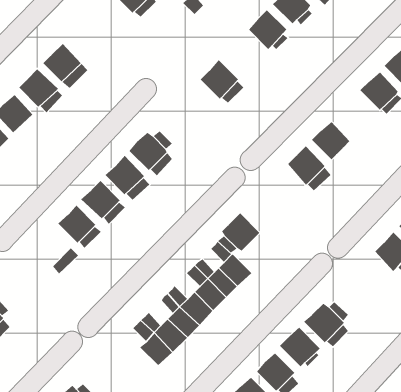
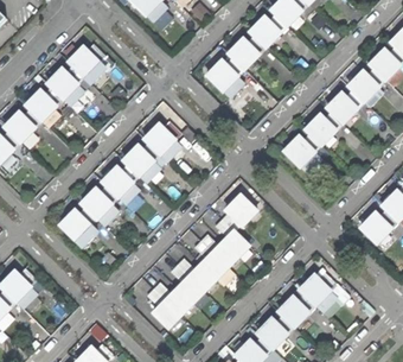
building: none -> [225,36,260,71]
building: none -> [324,91,358,126]
building: none -> [57,208,90,241]

